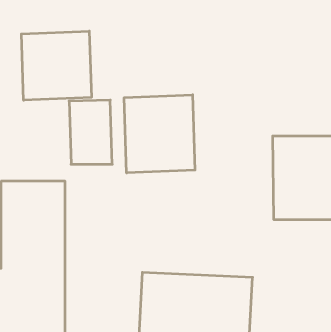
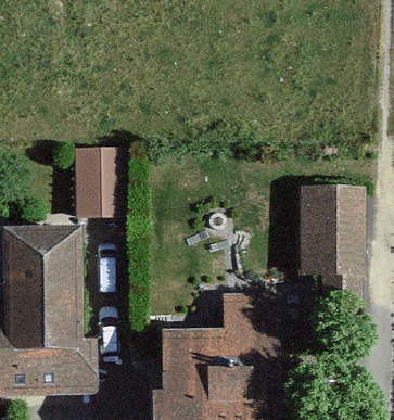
building: [21,31,91,100] -> none
building: [124,95,195,173] -> none

